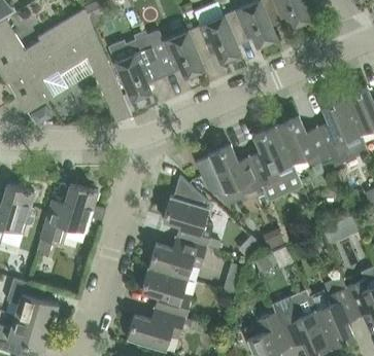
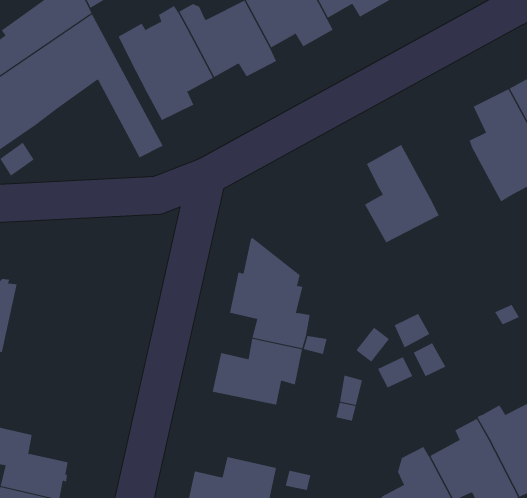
building: [276,116,330,165] -> none
building: [196,145,262,194] -> none
building: [37,183,105,253] -> none
building: [141,268,191,317] -> none

